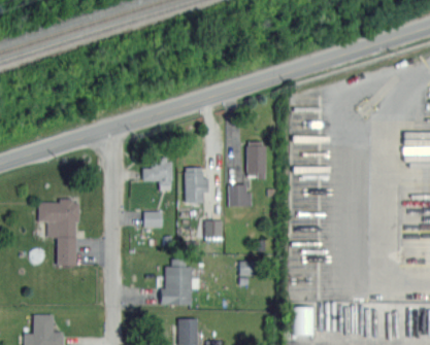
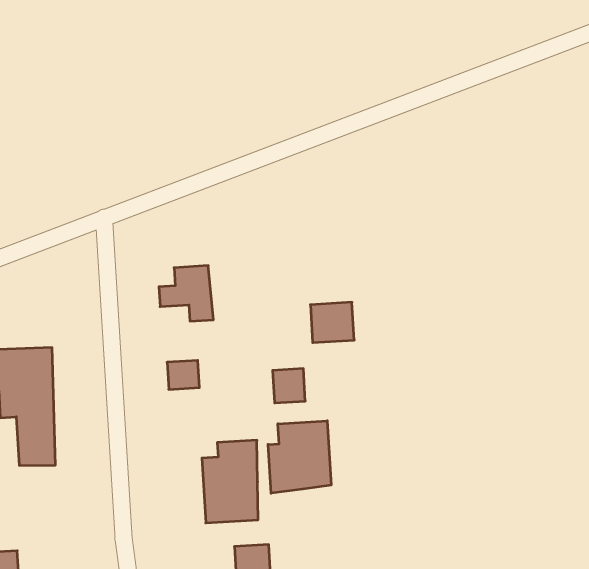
building: [247,141,266,179] -> none
building: [185,167,208,203] -> none
building: none -> [268,421,331,493]

